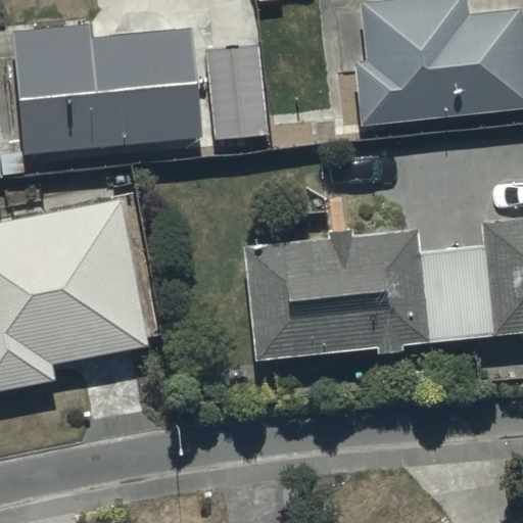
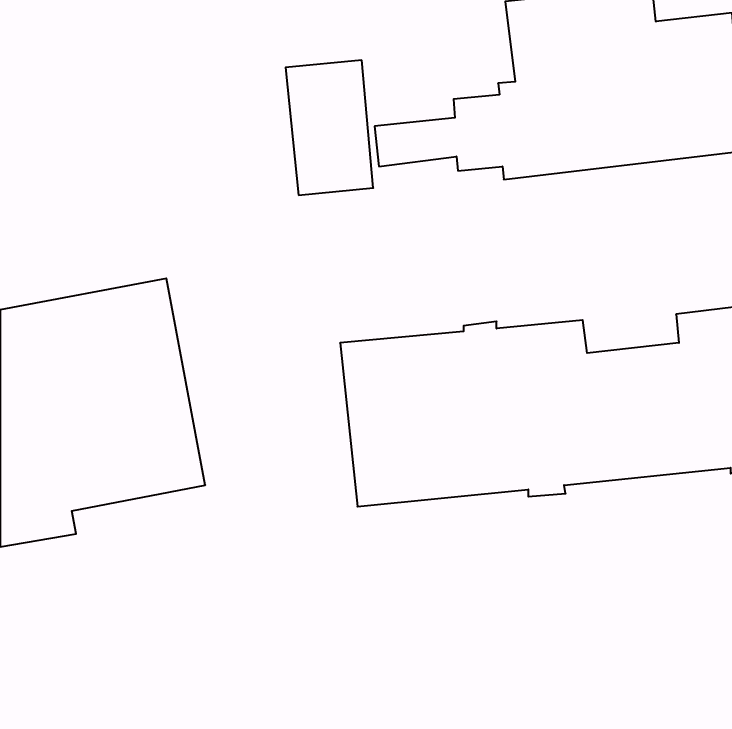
building: [15,26,203,154] -> none

